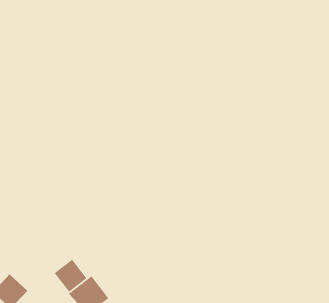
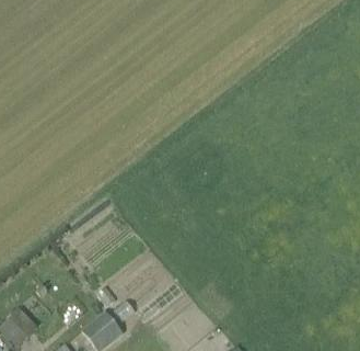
building: [54,259,87,293] -> none

